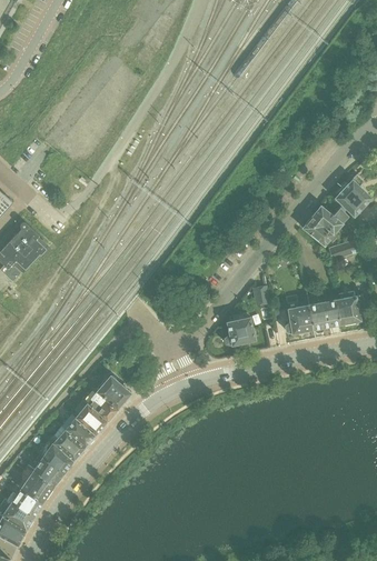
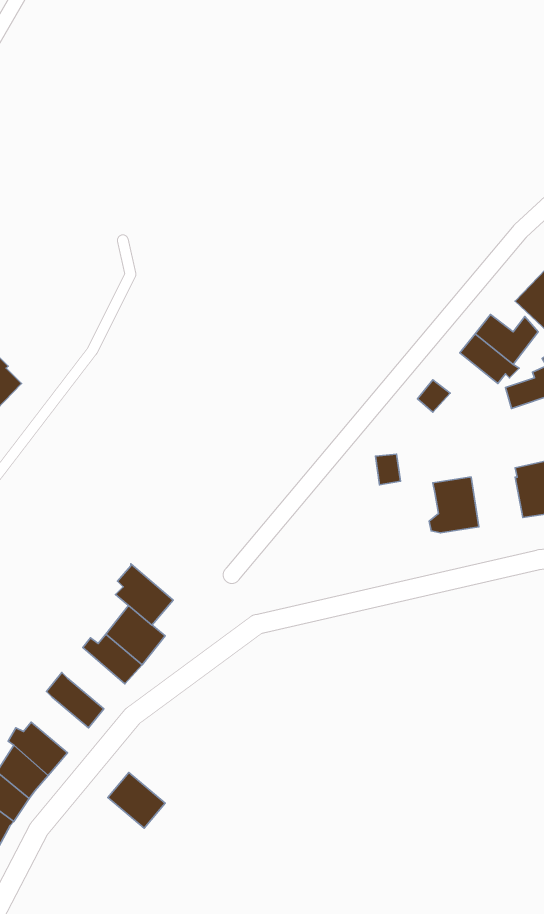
building: [306,289,338,332] -> none
building: [224,317,255,344] -> none
building: [73,399,107,434] -> [116,564,173,625]
building: [52,428,86,460] -> [108,773,165,828]

